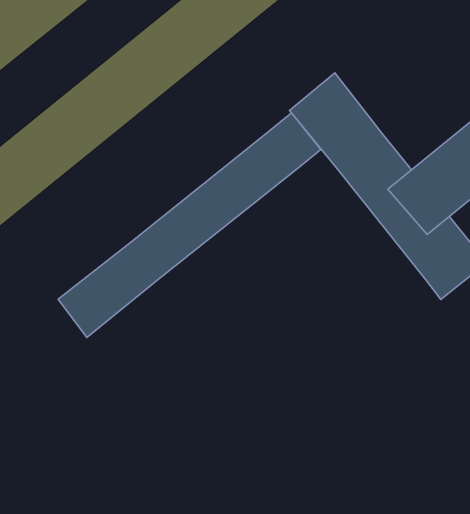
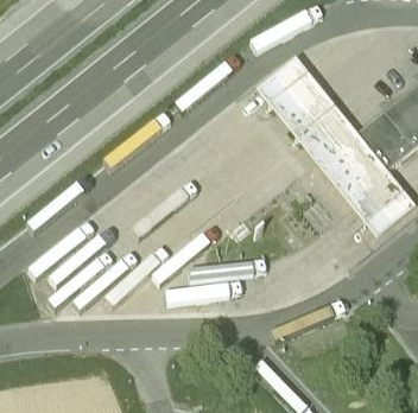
building: [58,113,321,337] -> none

